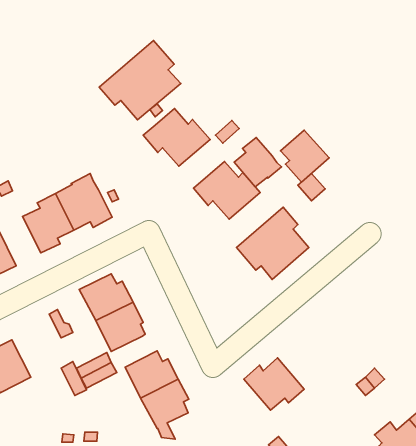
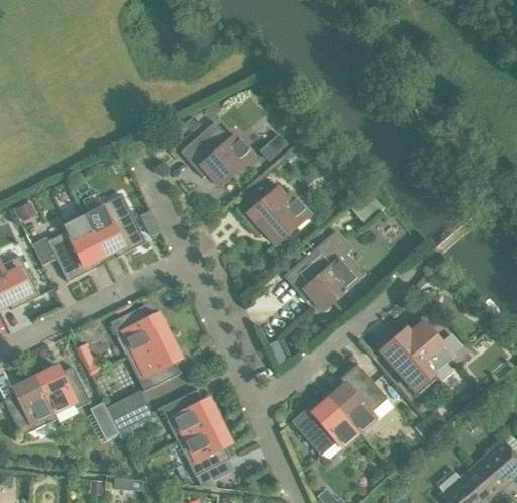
building: [99,41,181,120] -> none
building: [281,130,329,182] -> none
building: [234,137,281,187] -> none
building: none -> [381,321,453,394]
building: none -> [329,364,387,431]
building: none -> [35,366,91,418]

